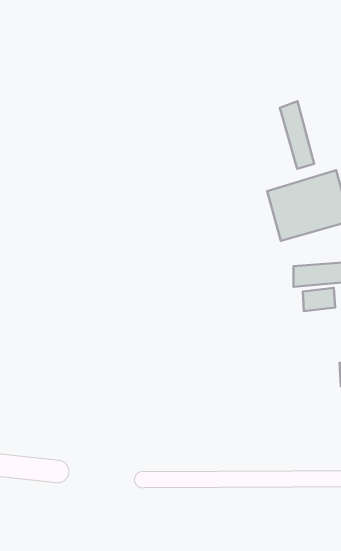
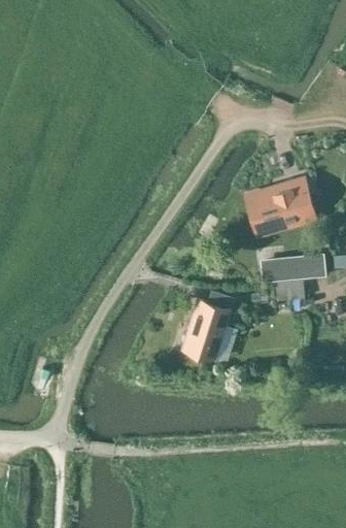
building: [280,101,314,169] -> none
building: none -> [180,293,233,360]

